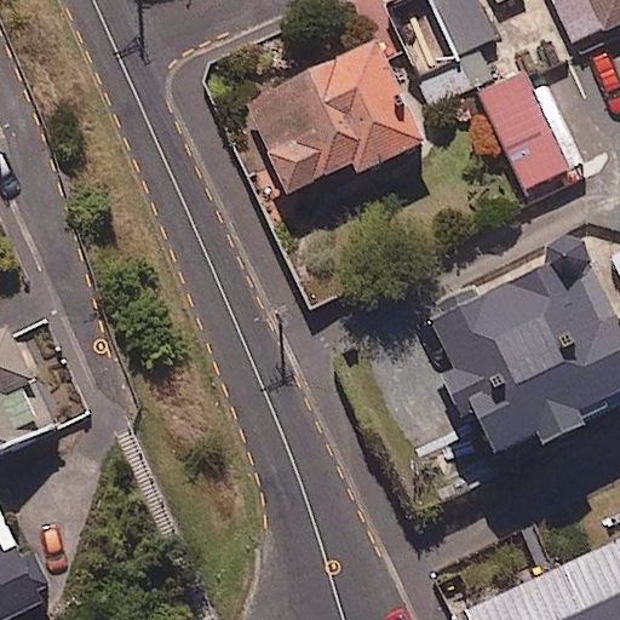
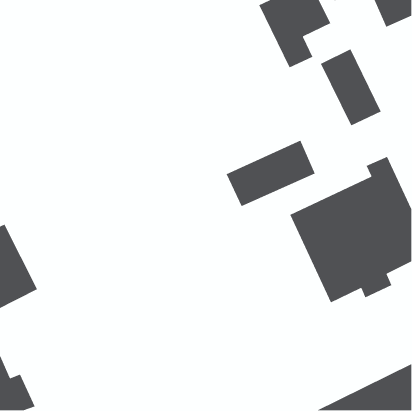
building: [249,51,424,200] -> none
building: none -> [226,139,316,207]

